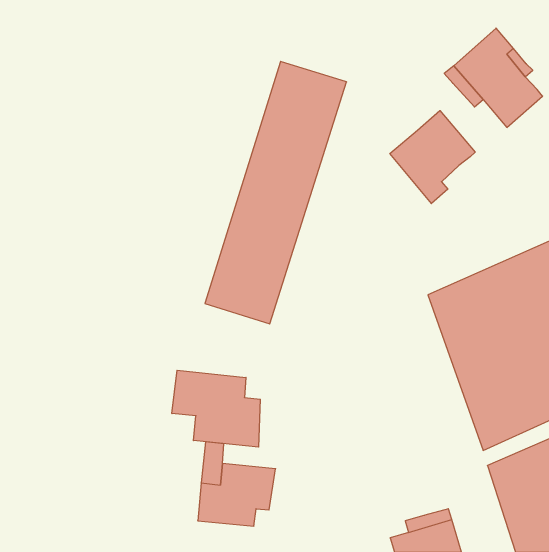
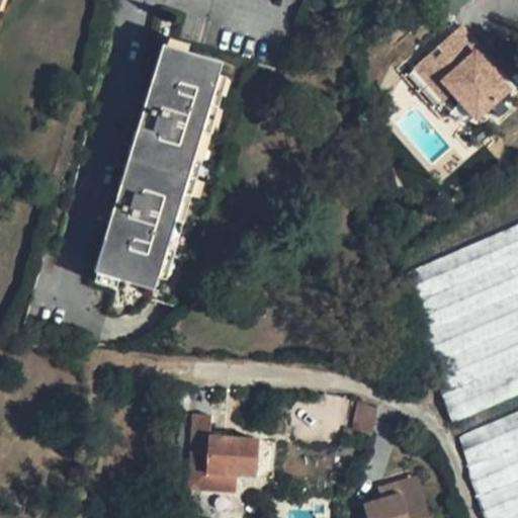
building: [205,61,347,324] -> [91,45,224,290]
building: [390,111,475,204] -> none
building: [172,370,260,447] -> none

